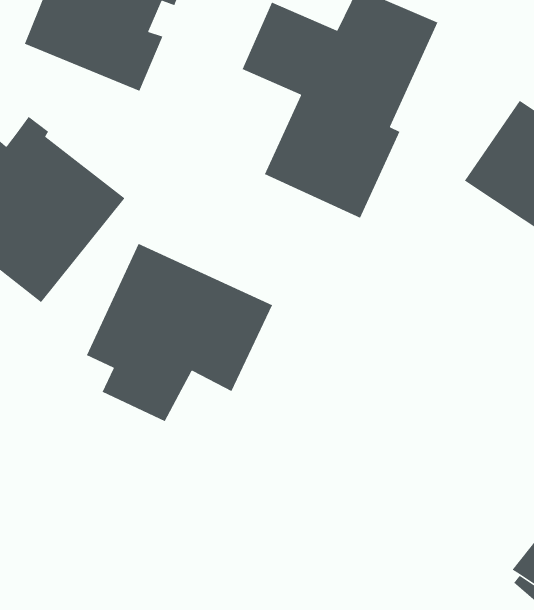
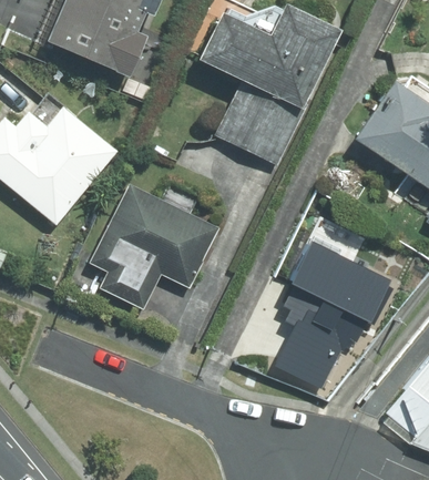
building: none -> [277,241,389,387]

